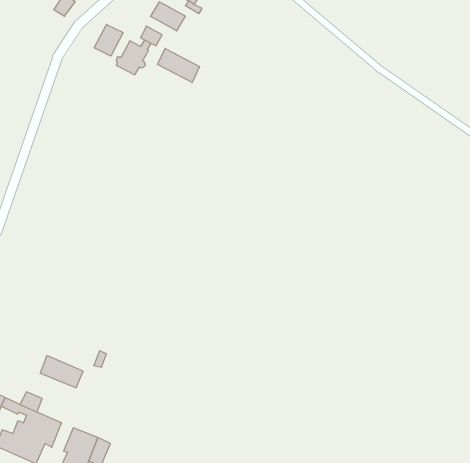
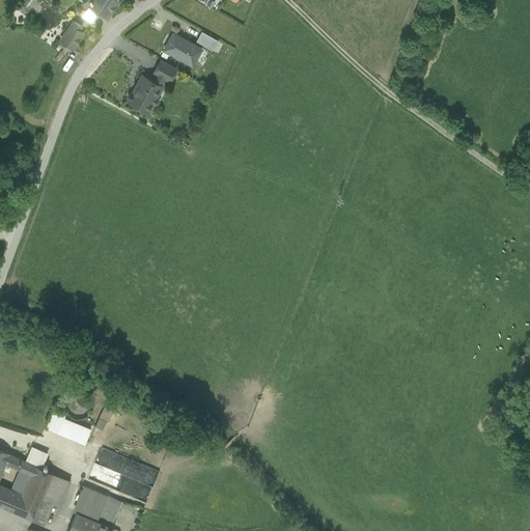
building: [94,24,123,56] -> none
building: [157,48,200,83] -> none
building: none -> [89,448,160,502]

